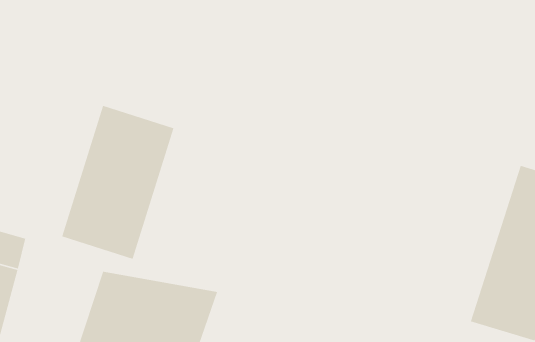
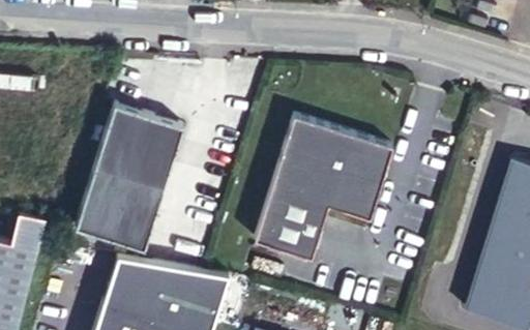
building: none -> [260,115,399,258]

